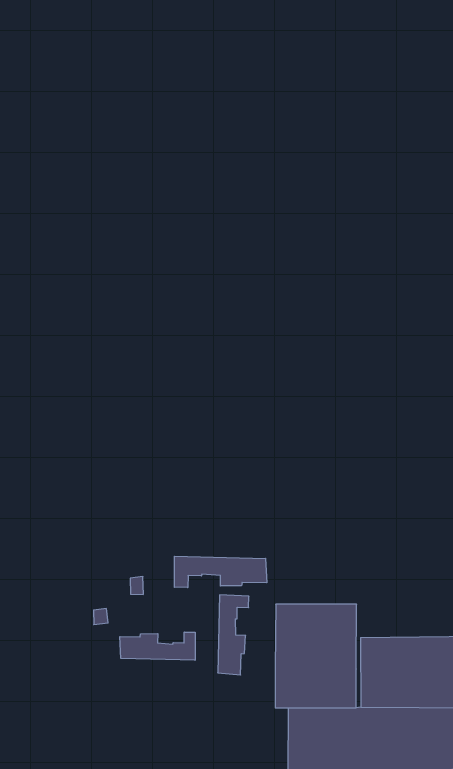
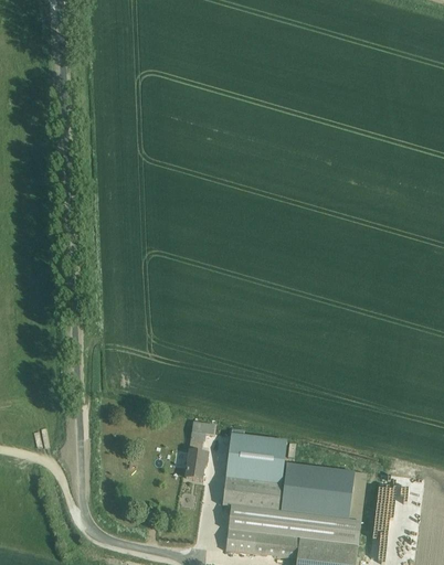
building: [174,556,267,588] -> none
building: [120,632,195,660] -> none

